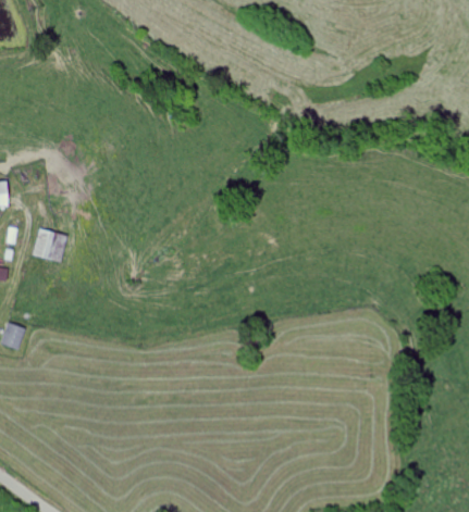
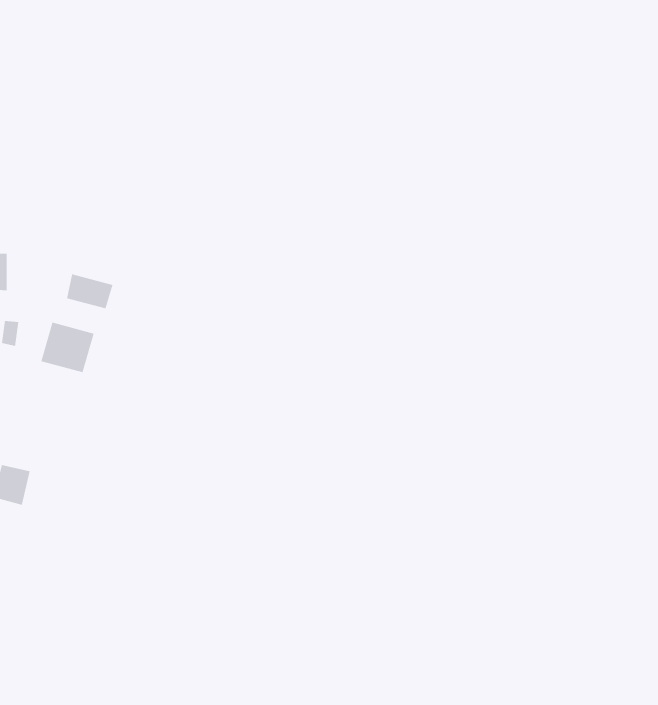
building: none -> [67,274,113,309]

